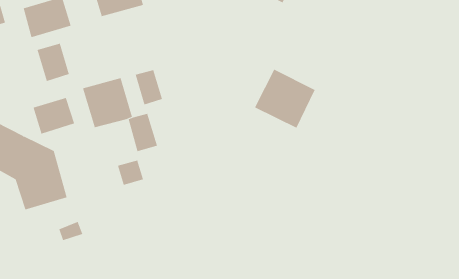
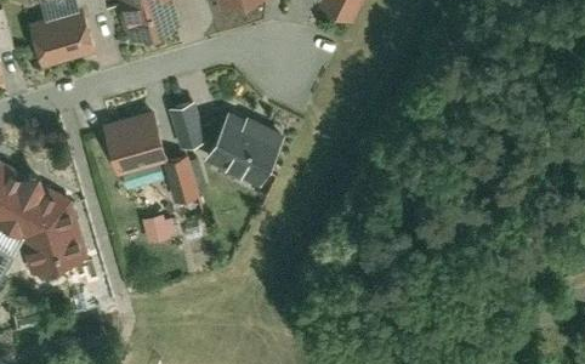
building: [37,43,69,82] -> none
building: [254,69,316,128] -> [204,112,279,184]
building: [33,97,75,134] -> none

